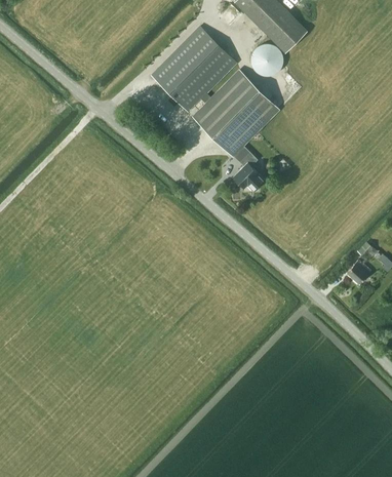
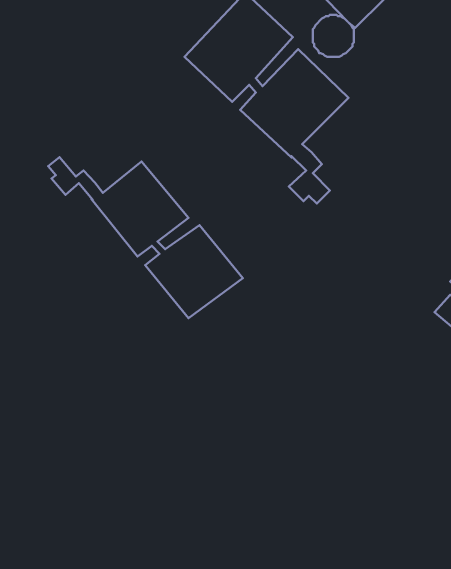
building: none -> [48,157,243,318]

